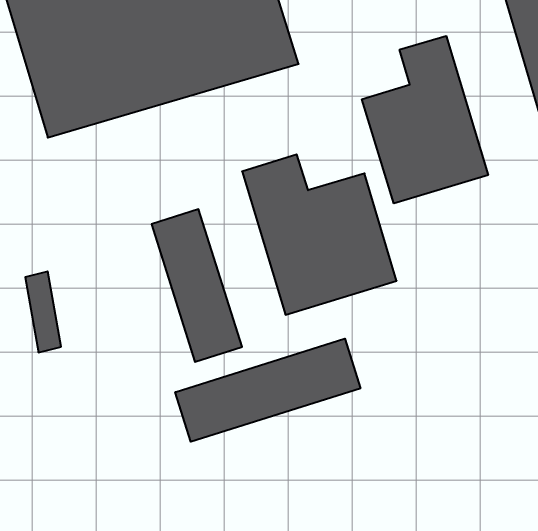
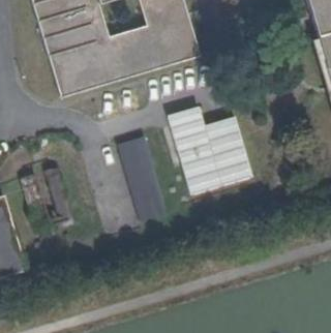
building: [362,36,488,203] -> none
building: [175,339,360,442] -> none

